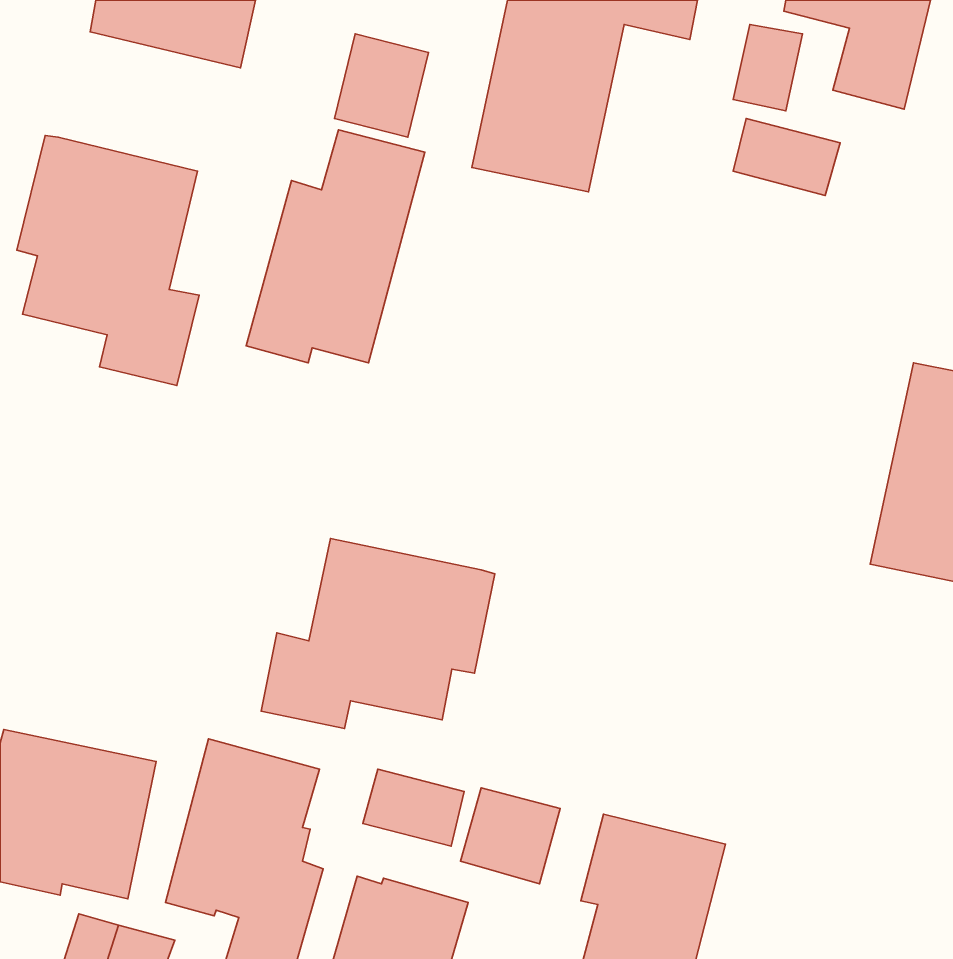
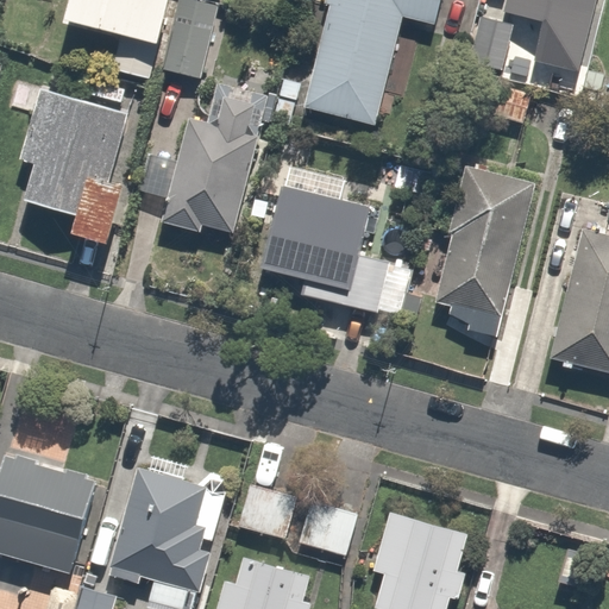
building: [334,34,428,137] -> [157,12,216,77]
building: none -> [263,164,413,315]
building: none -> [435,167,530,337]
building: [261,539,495,729] -> none

